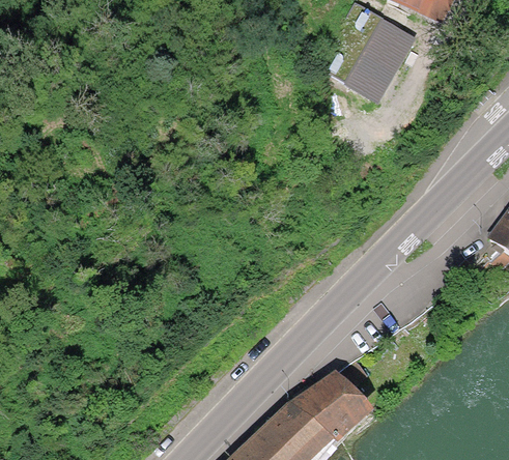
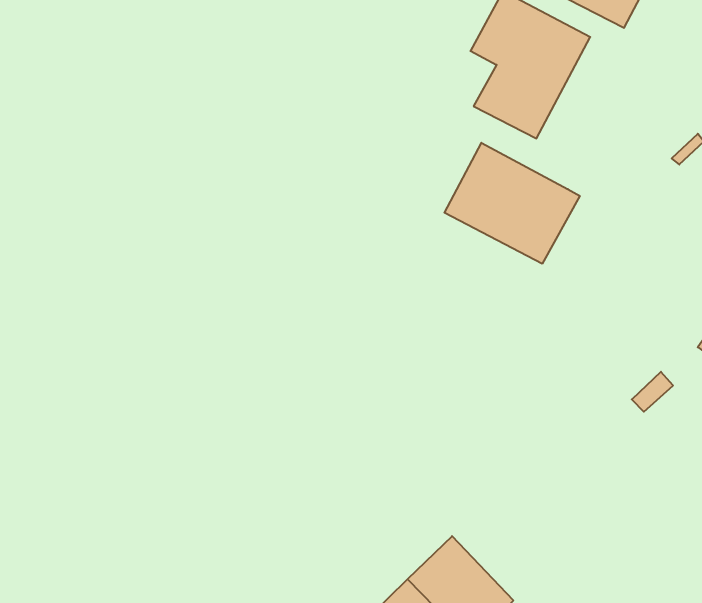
building: none -> [444,143,580,264]

